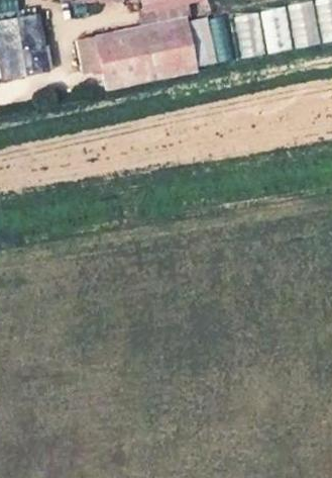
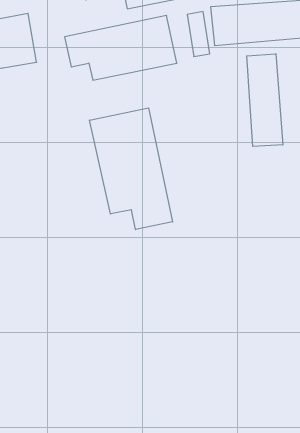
building: none -> [247,54,283,146]
building: none -> [90,108,173,230]

